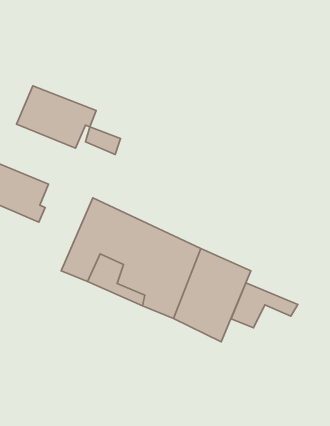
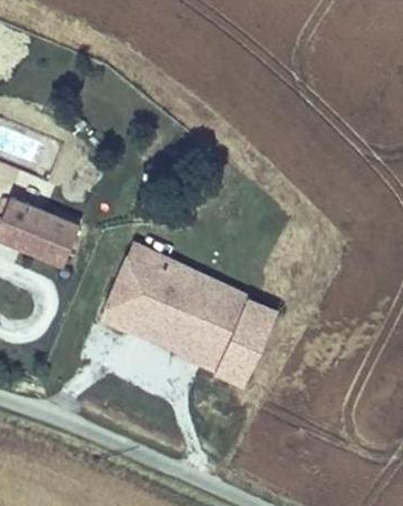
building: [17,86,96,148] -> none
building: [231,283,298,328] -> none

